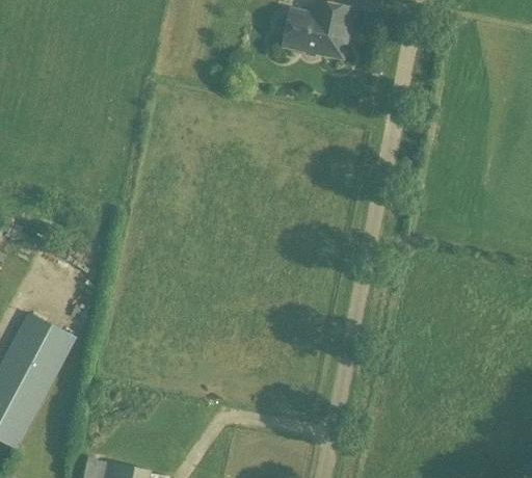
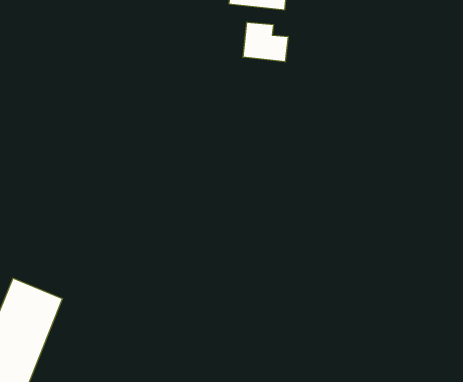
building: none -> [243,22,288,62]

